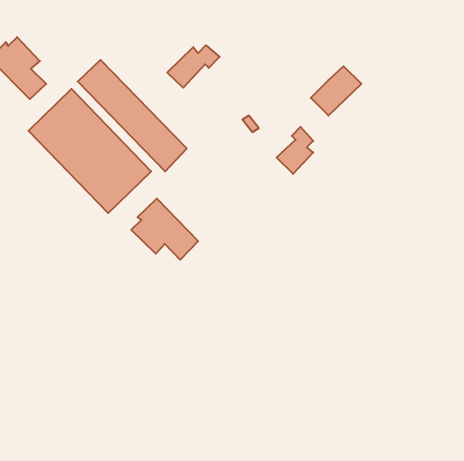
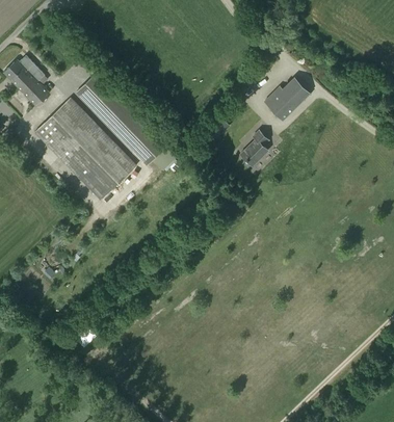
building: [167,45,220,88] -> none
building: [131,199,198,260] -> none

